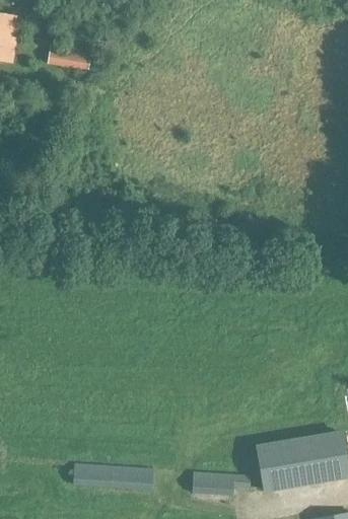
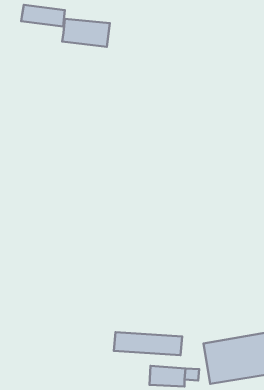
building: none -> [62,19,110,47]
building: [73,463,154,491] -> [114,332,182,355]

